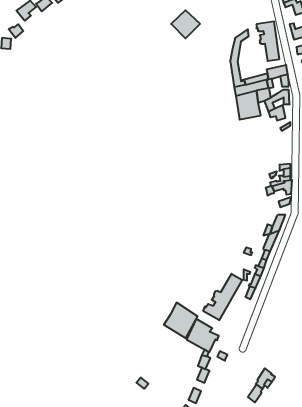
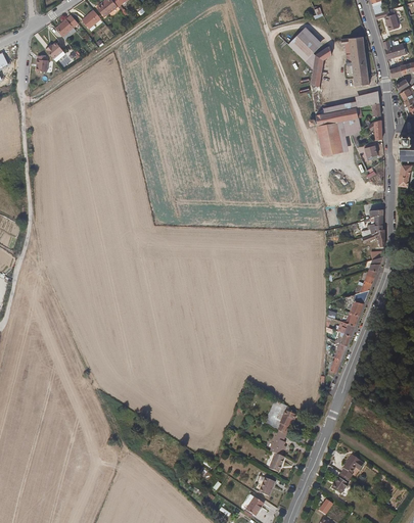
building: [171,10,200,38] -> [289,29,324,62]
building: [203,274,242,320] -> none
building: [164,302,197,338] -> none

